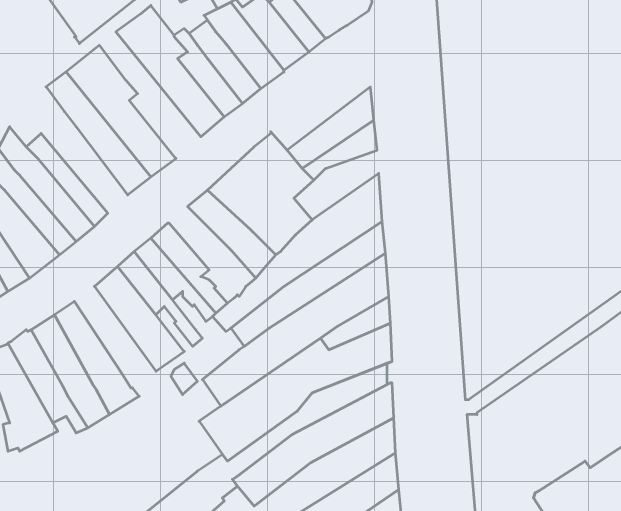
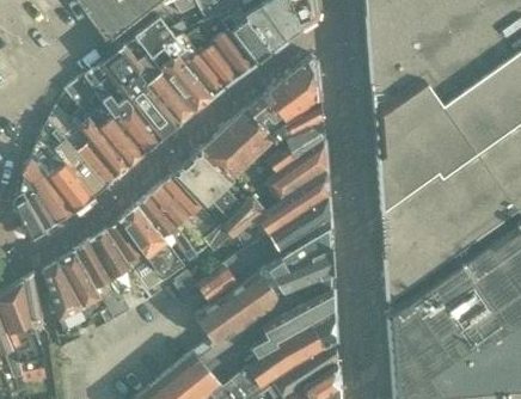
building: none -> [124,36,197,127]
building: none -> [247,55,319,121]
building: none -> [67,75,145,166]
building: none -> [264,121,325,171]
building: none -> [174,161,237,227]
building: none -> [106,219,165,297]

